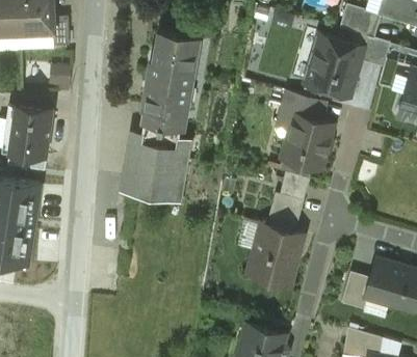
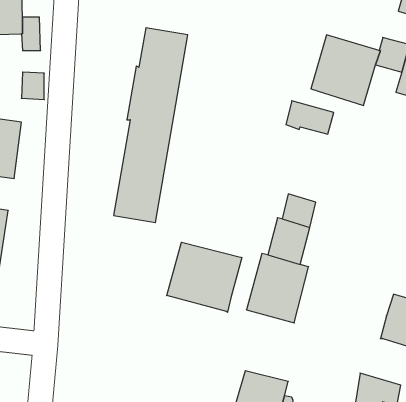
building: [340,10,379,38] -> none
building: [282,114,333,169] -> none
building: none -> [167,242,242,312]
building: [341,272,370,309] -> none

